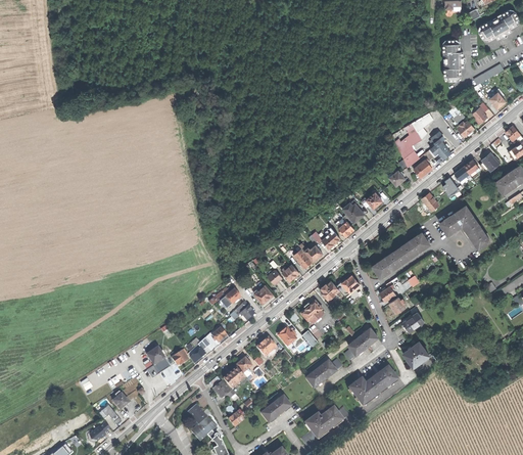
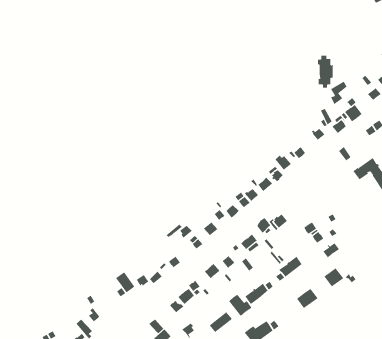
building: [443,39,464,80] -> [317,55,334,88]
building: [372,231,429,277] -> none
building: none -> [228,294,252,317]
building: [349,377,379,404] -> none

